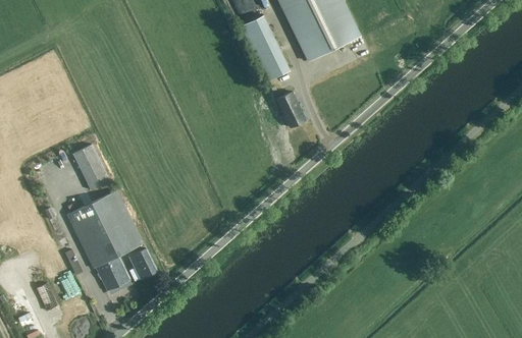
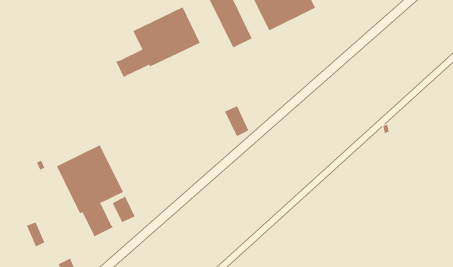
building: none -> [116,7,201,78]
building: [276,93,305,128] -> [224,105,249,137]
building: [73,145,110,190] -> none

